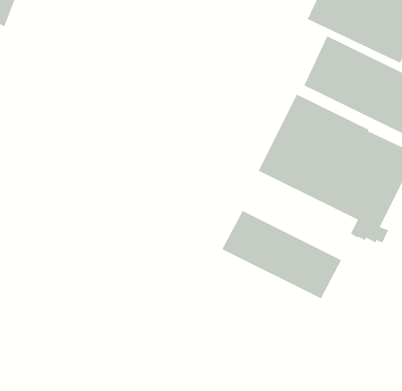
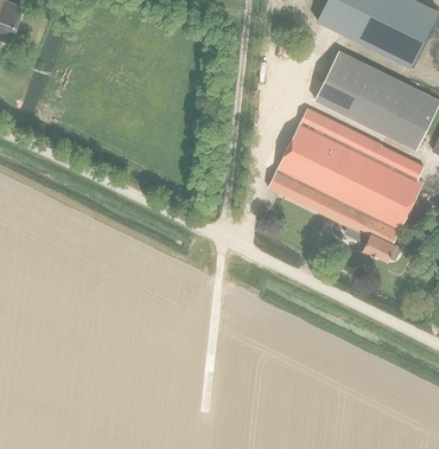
building: [222,210,342,299] -> none

